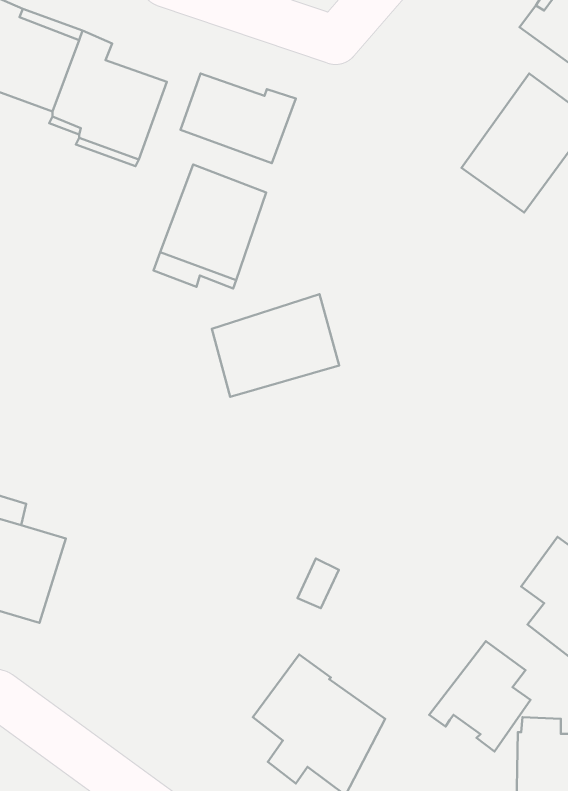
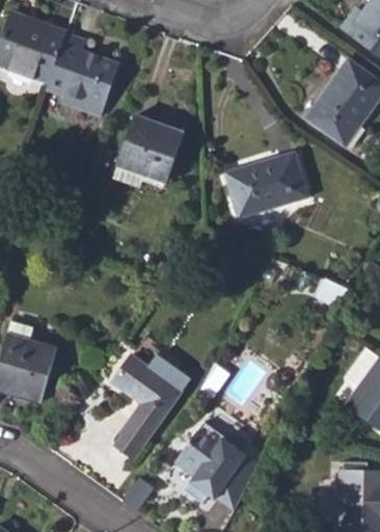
building: [180,73,296,163] -> none
building: [212,294,339,397] -> [226,151,306,215]
building: none -> [111,354,188,459]
building: [429,641,530,752] -> none

